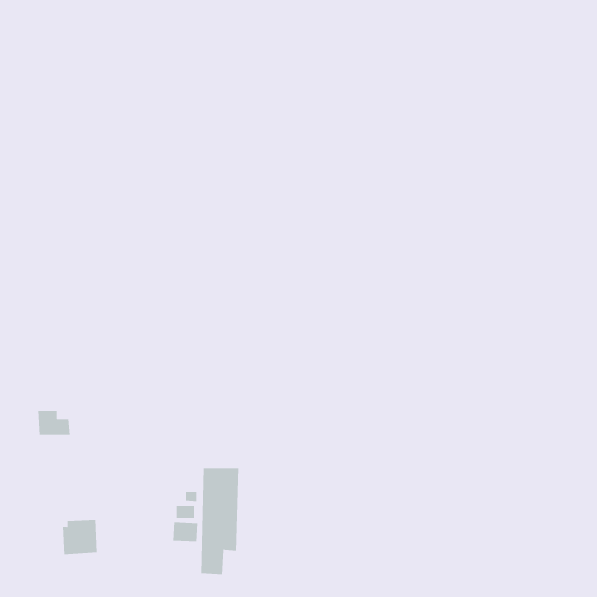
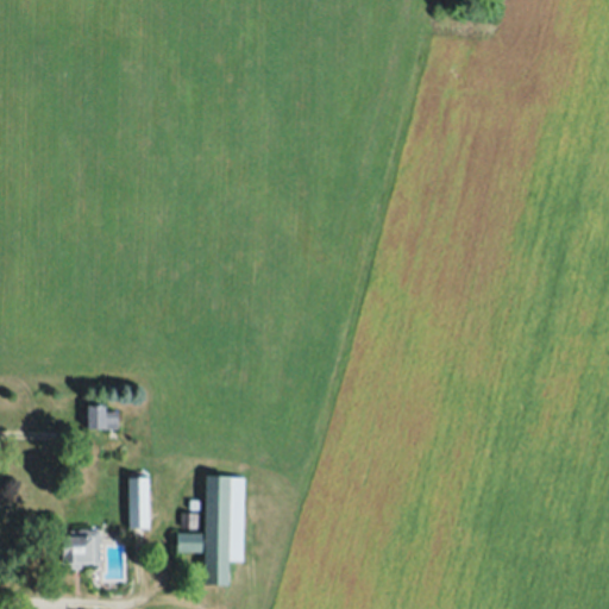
building: [38,410,70,435] -> [87,404,120,429]
building: none -> [128,478,152,529]

